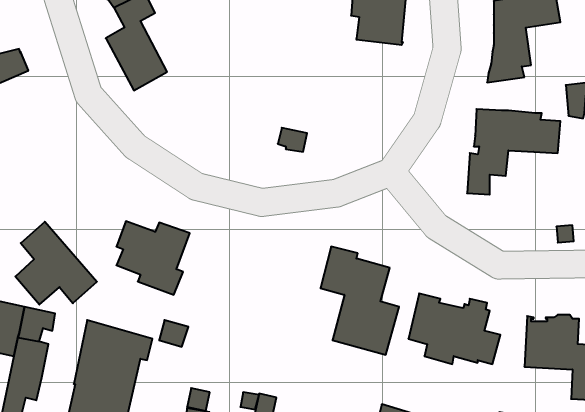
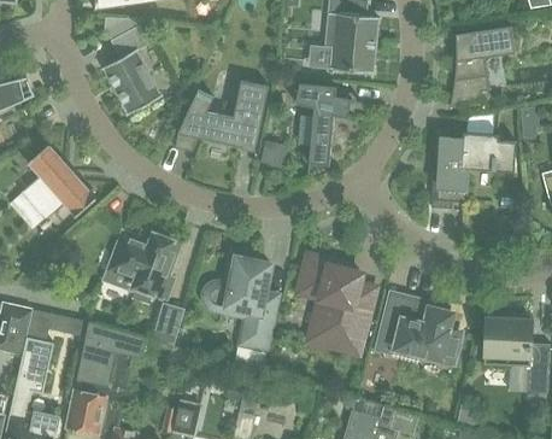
building: none -> [174,81,268,151]
building: none -> [294,82,351,165]
building: [15,222,97,305] -> [22,142,95,217]
building: none -> [204,250,271,349]

